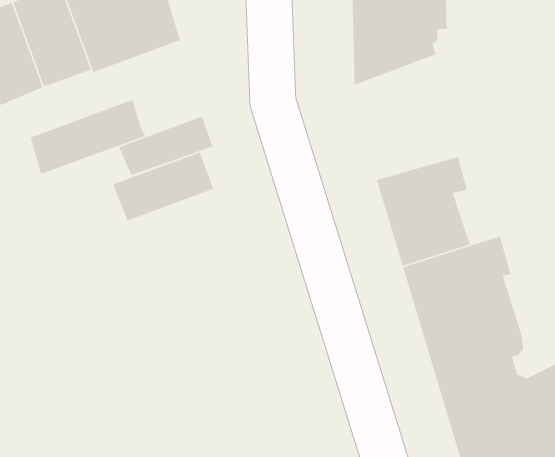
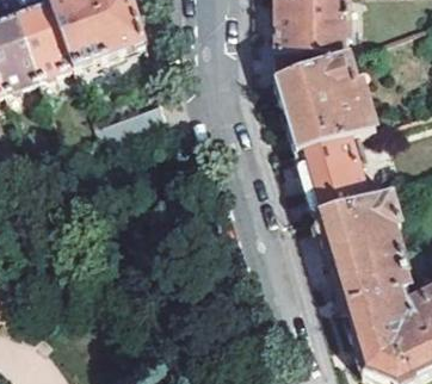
building: none -> [274,50,370,148]
building: [30,99,146,175] -> none
building: [113,151,214,222] -> none

